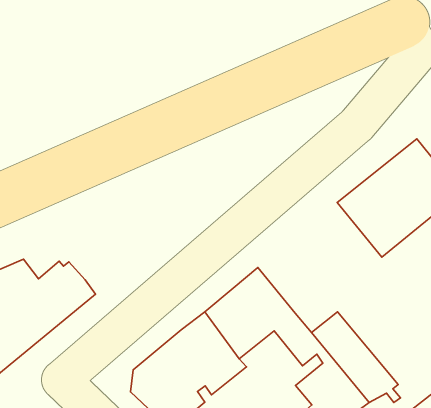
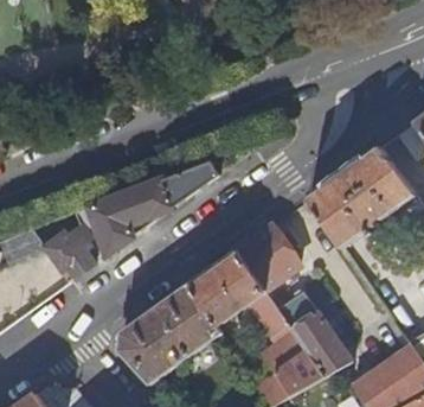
building: none -> [72,160,219,254]
building: none -> [236,223,297,291]

